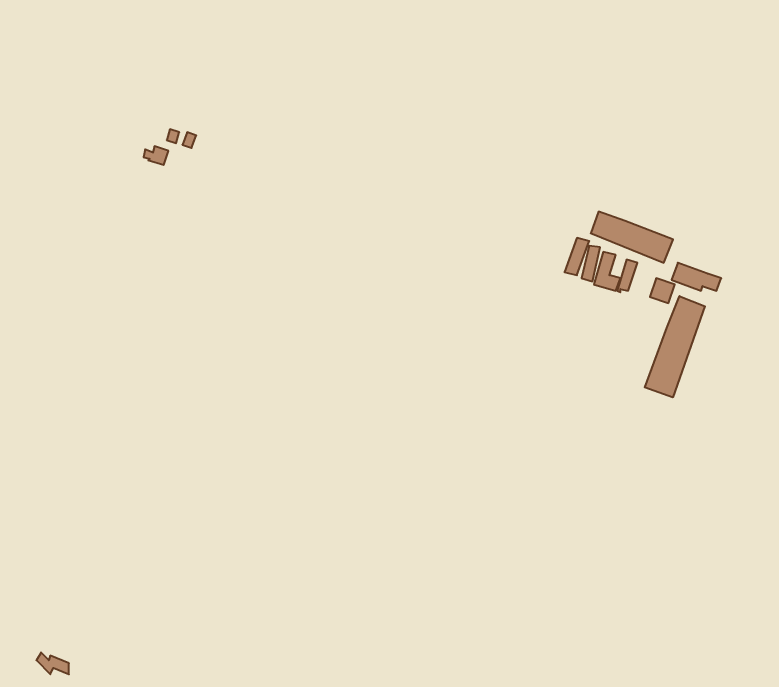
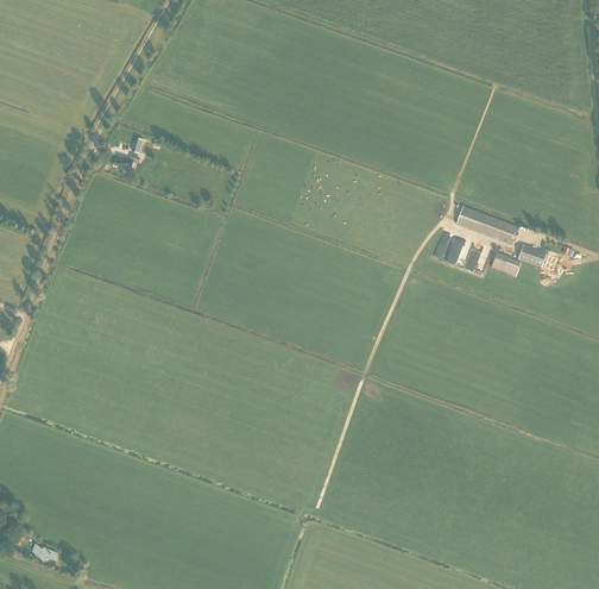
building: [645,296,705,397] -> none

